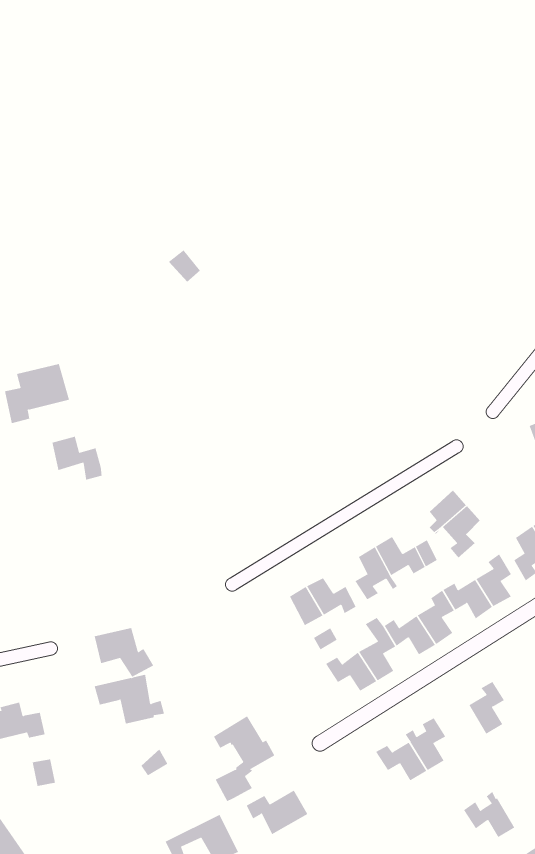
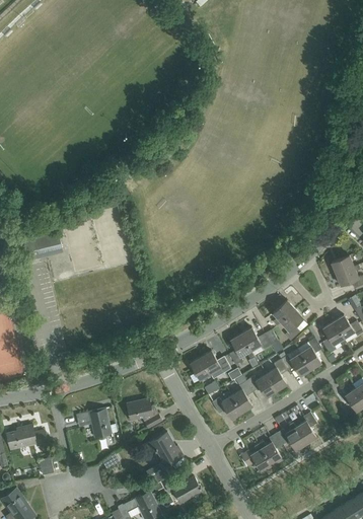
building: [52,436,102,481] -> none
building: [94,627,154,678] -> [126,398,161,428]
building: [463,791,515,838] -> [275,423,305,450]

